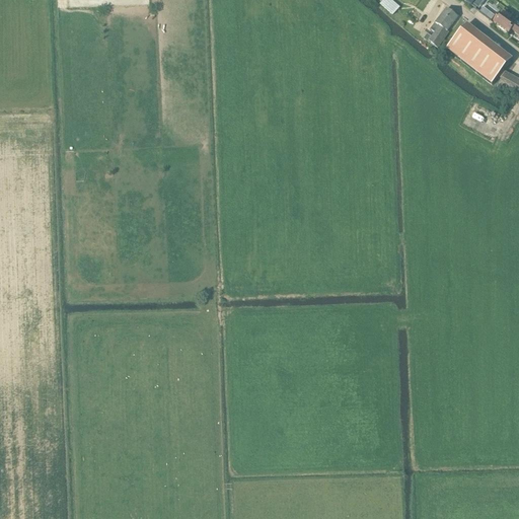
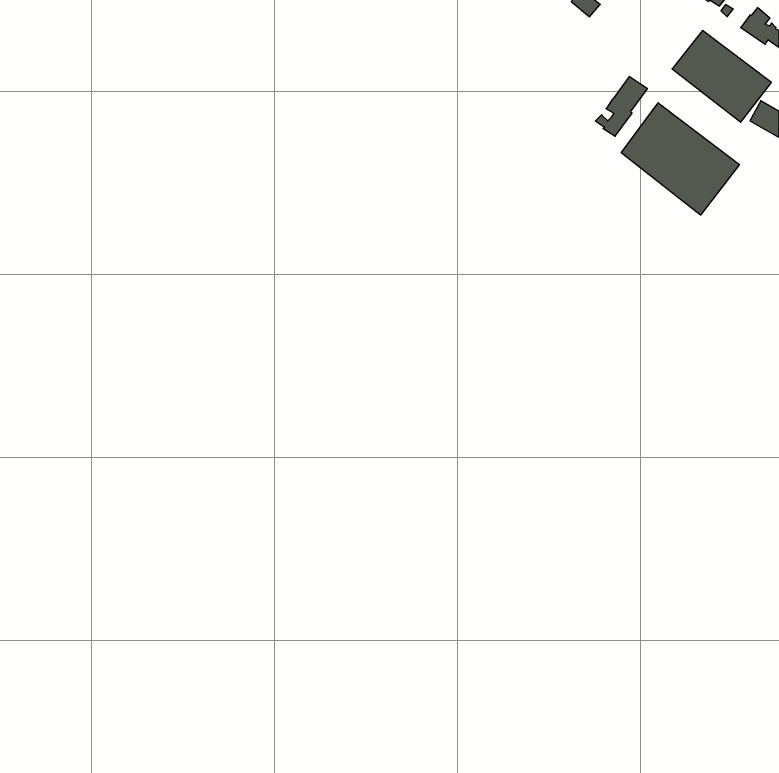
building: [423,4,457,44] -> [595,77,647,136]
building: none -> [621,103,739,215]

